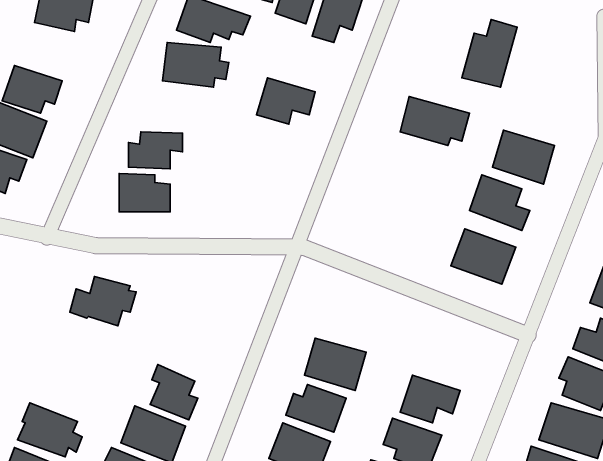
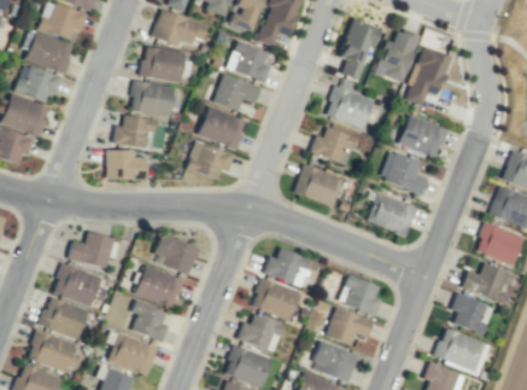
building: none -> [341,19,377,81]
building: none -> [28,33,74,72]
building: none -> [228,42,270,81]
building: none -> [405,47,451,106]
building: none -> [130,80,175,118]
building: none -> [199,107,247,149]
building: none -> [311,127,357,165]
building: none -> [187,141,235,180]
building: none -> [294,164,344,208]
building: none -> [153,233,200,275]
building: none -> [264,249,311,286]
building: none -> [54,262,107,307]
building: none -> [135,264,186,308]
building: none -> [339,275,381,316]
building: none -> [39,297,88,340]

